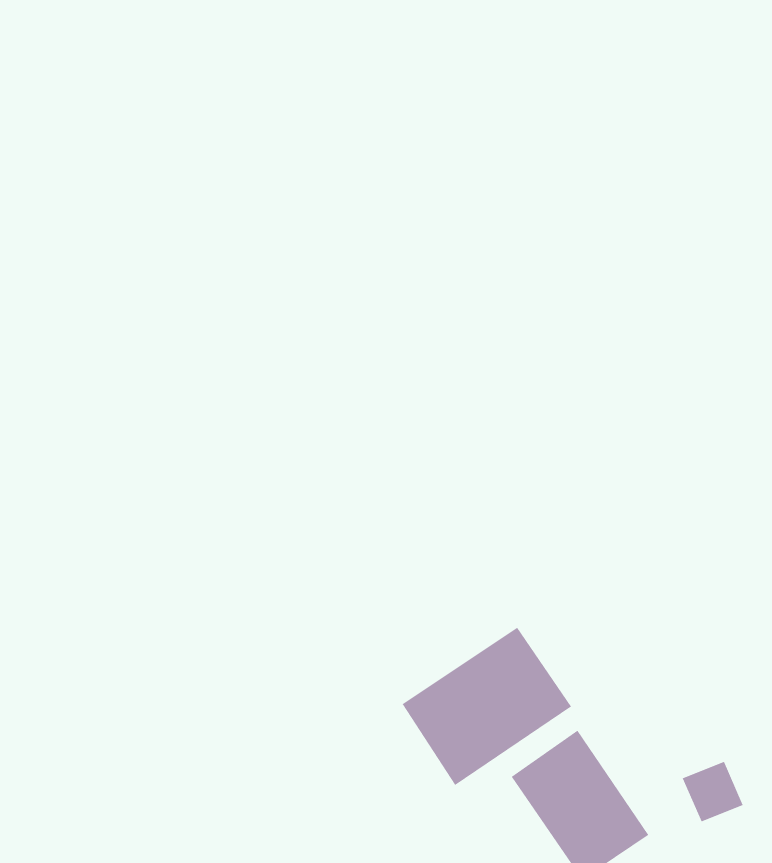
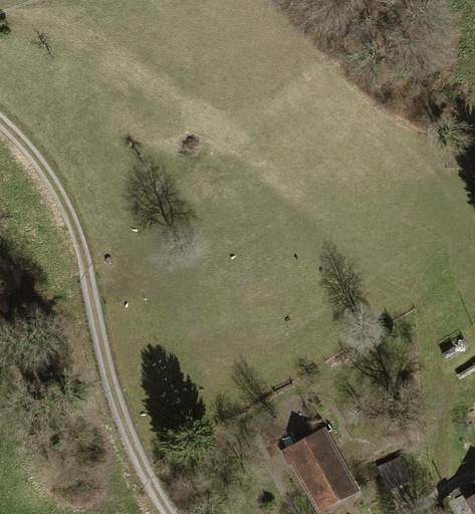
building: [402,627,572,786] -> none

